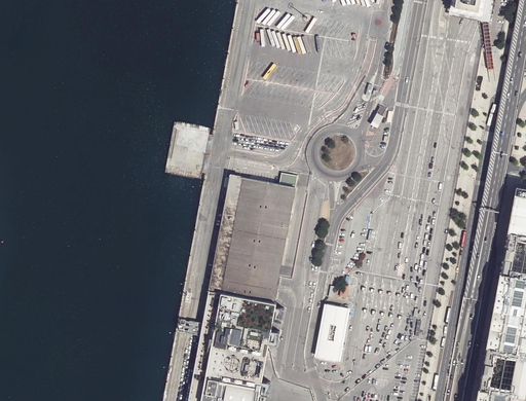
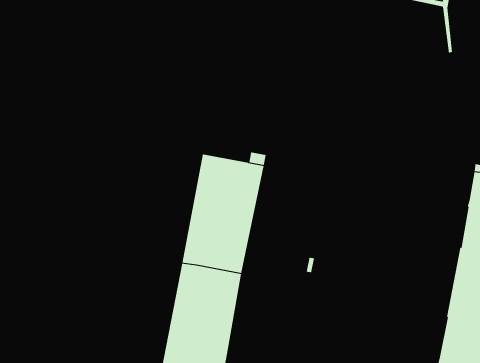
building: [318,304,348,361] -> none

